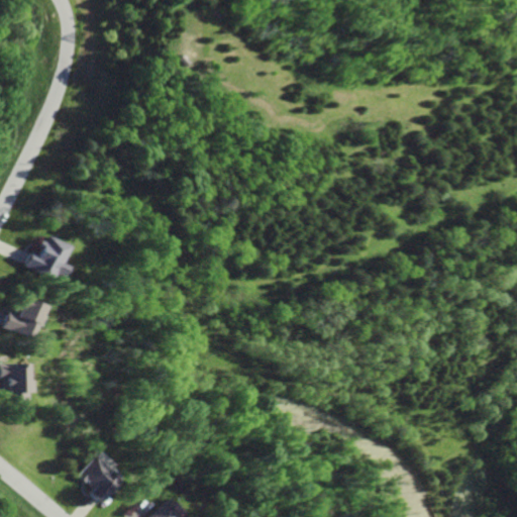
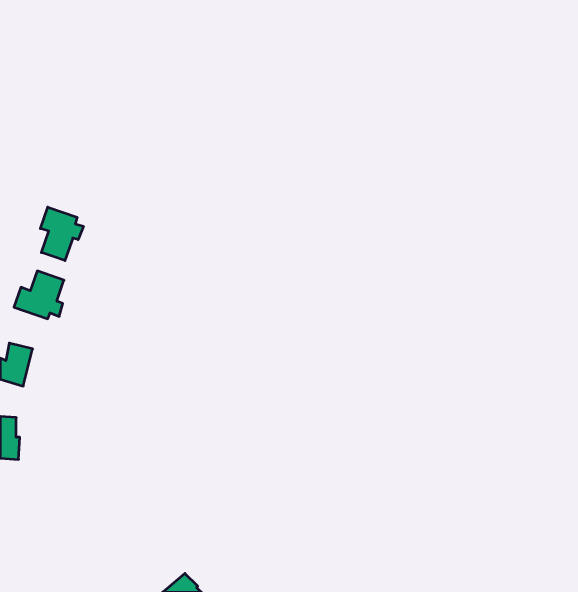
building: none -> [40,207,83,261]
building: [83,454,126,502] -> none

